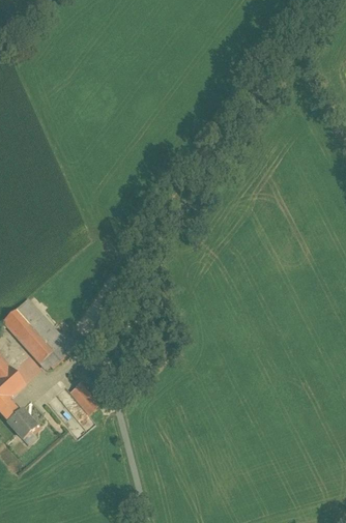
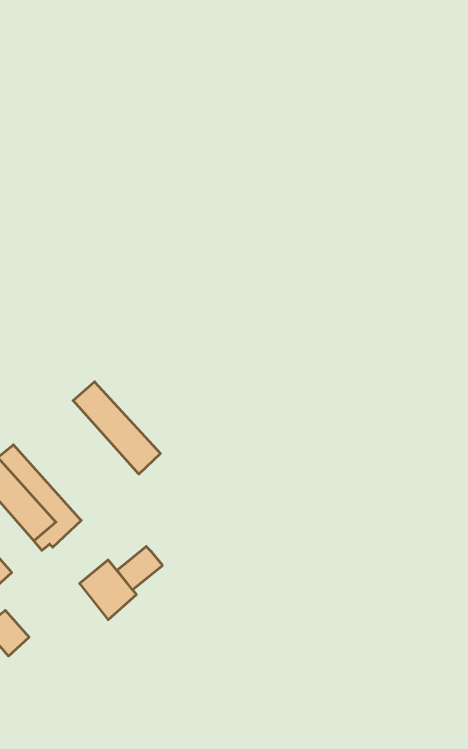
building: none -> [73,382,160,474]
building: none -> [117,546,162,590]

